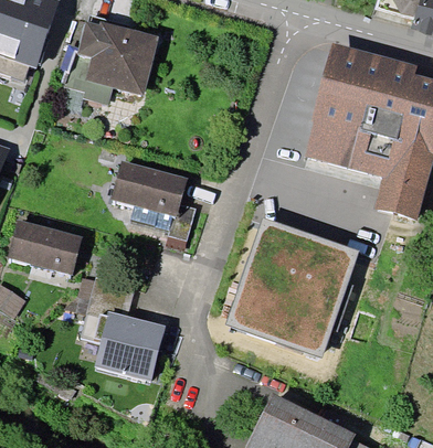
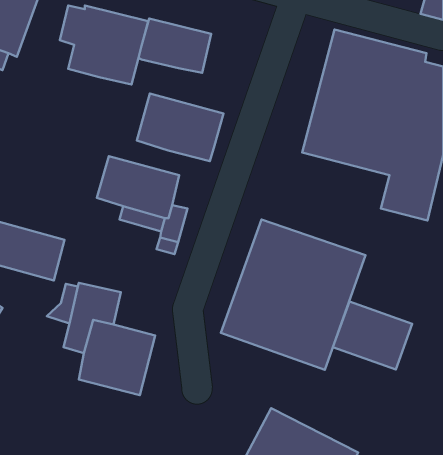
building: none -> [139,18,211,73]
building: [65,53,114,105] -> none
building: none -> [137,93,223,161]
building: none -> [333,301,412,370]

